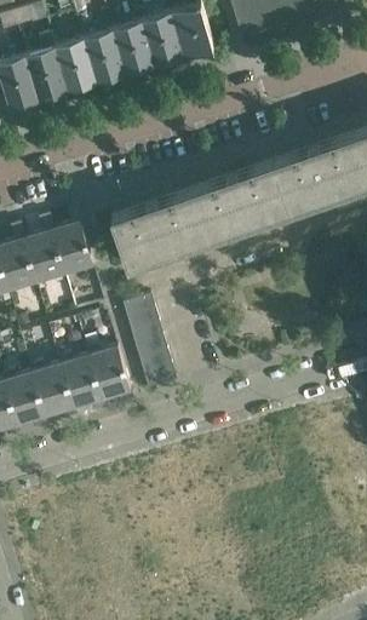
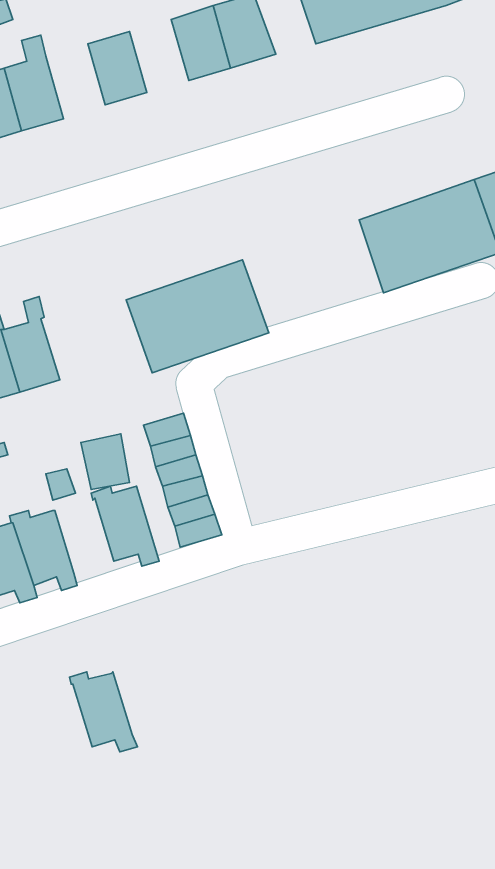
building: [110,25,151,76] -> none
building: [52,42,93,94] -> none
building: [189,165,287,243] -> none
building: [48,209,91,276] -> none
building: [56,358,103,414] -> [69,672,137,752]

